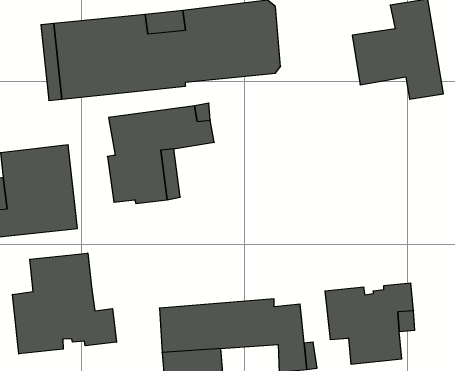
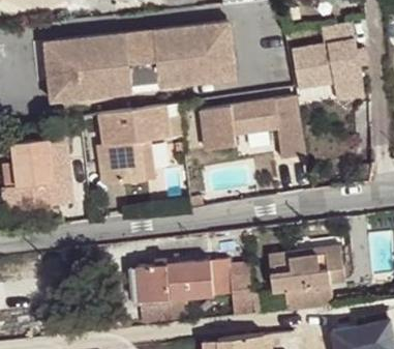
building: none -> [201,94,302,156]
building: [13,253,116,354] -> none

